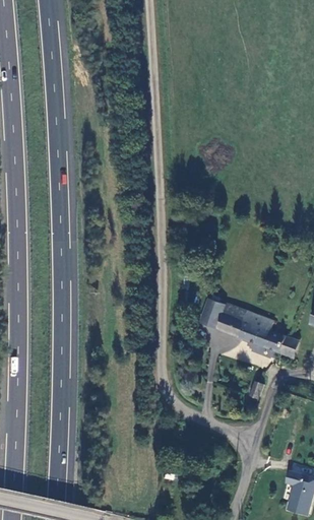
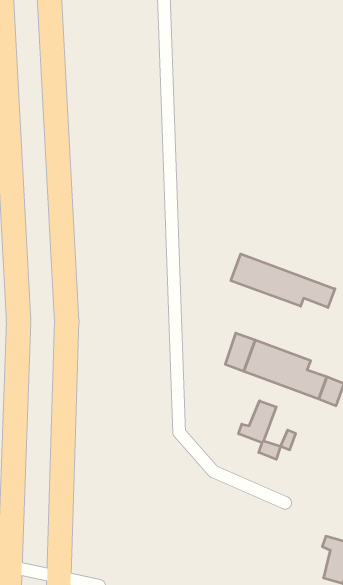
building: none -> [231,254,335,308]
building: none -> [239,401,281,459]

